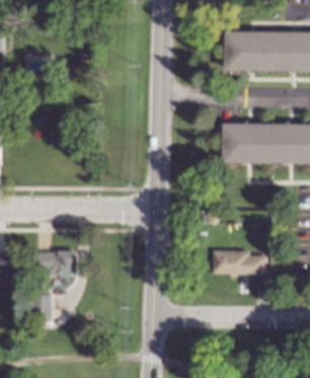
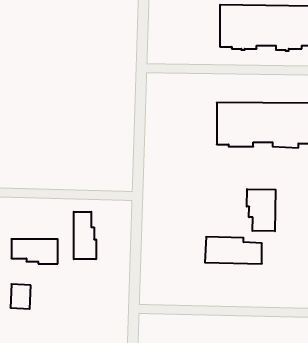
building: none -> [247,189,276,231]
building: none -> [74,212,96,259]

